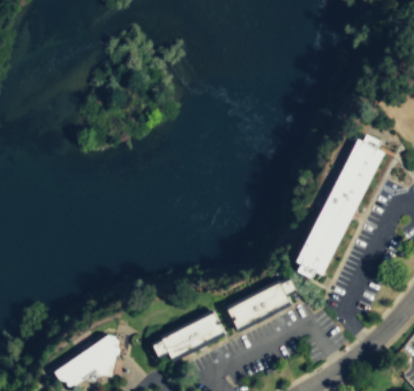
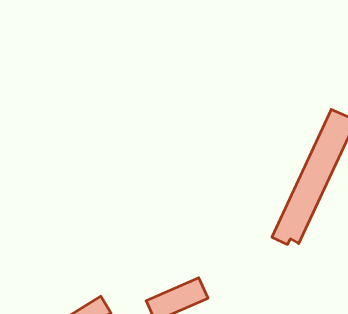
building: [227,278,298,329] -> none

